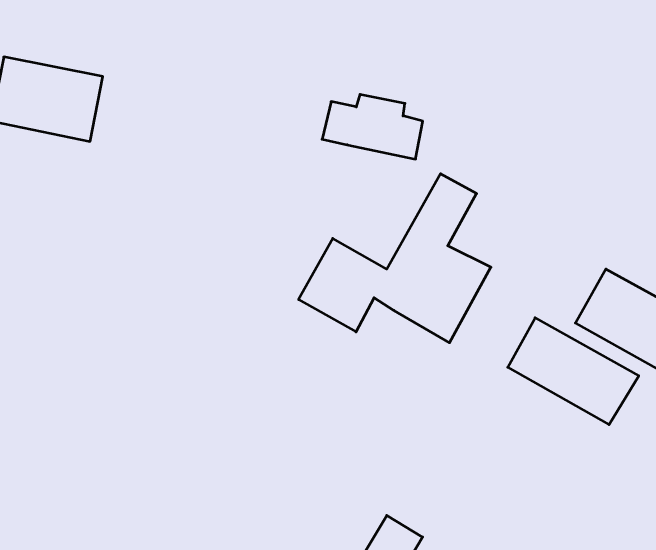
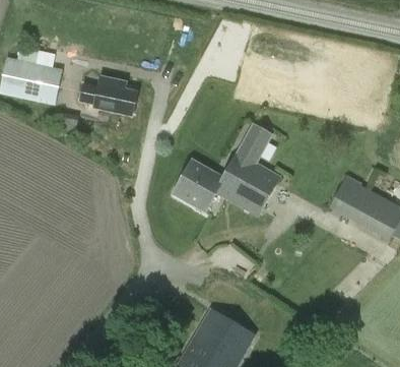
building: [322,94,423,159] -> [78,77,135,114]
building: [508,318,639,425] -> none

